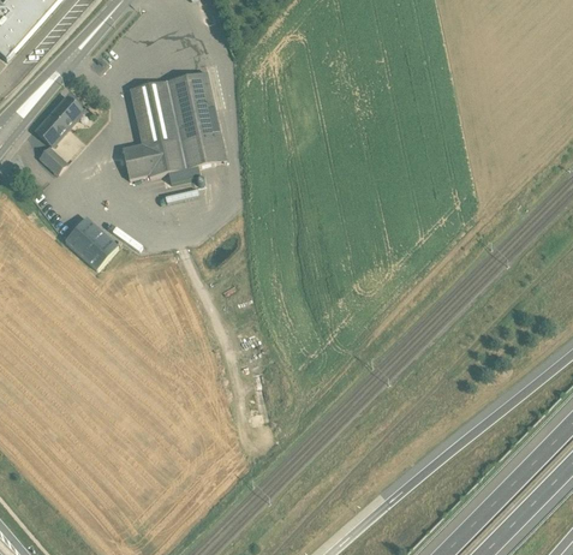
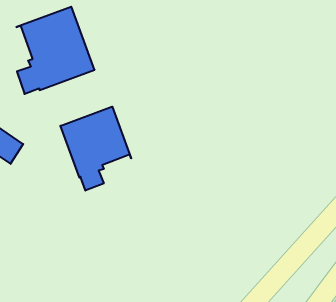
building: none -> [60,107,131,191]

